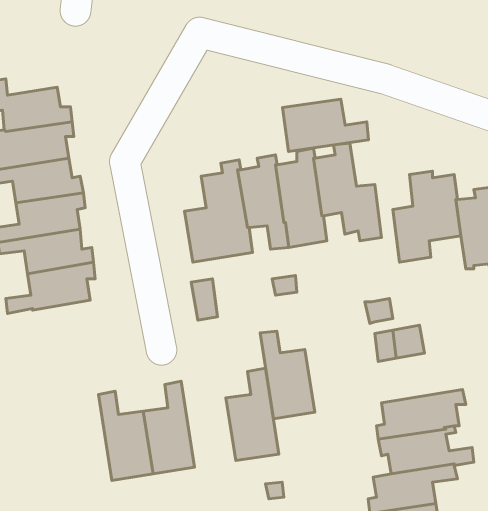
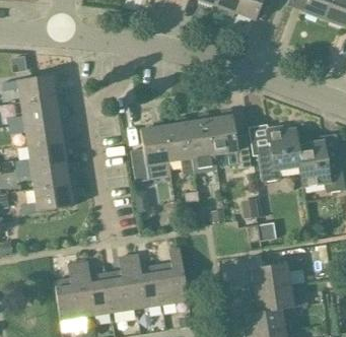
building: [282,99,369,151] -> none
building: [260,331,315,419] -> [129,254,162,308]
building: none -> [55,263,86,320]

